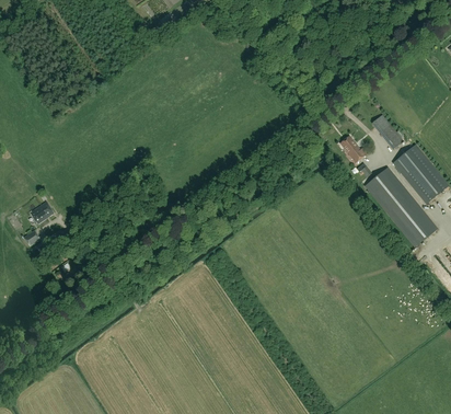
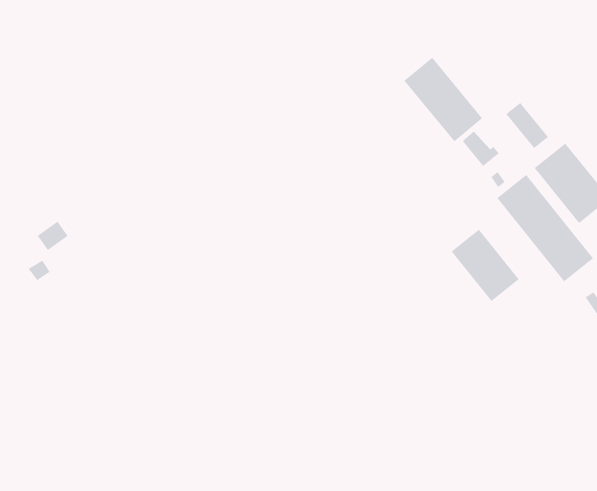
building: none -> [404,57,483,142]
building: none -> [451,229,519,302]

